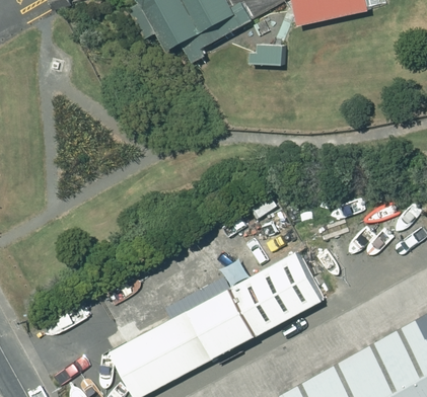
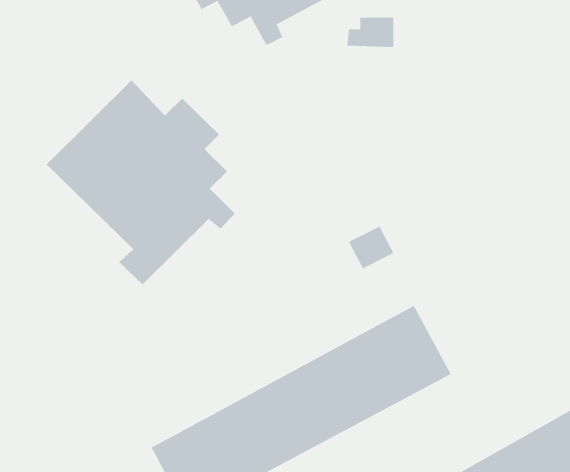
building: none -> [46,79,236,285]

